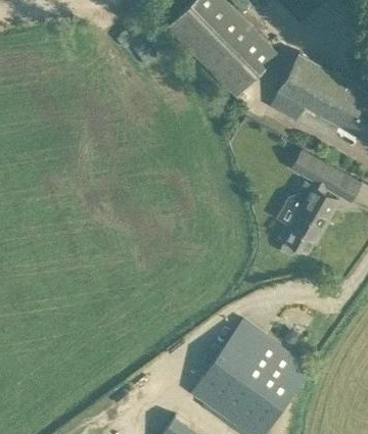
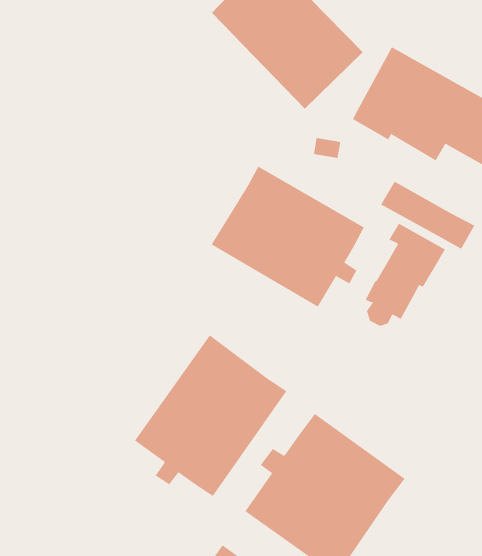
building: none -> [211,166,365,307]
building: none -> [134,334,287,497]

